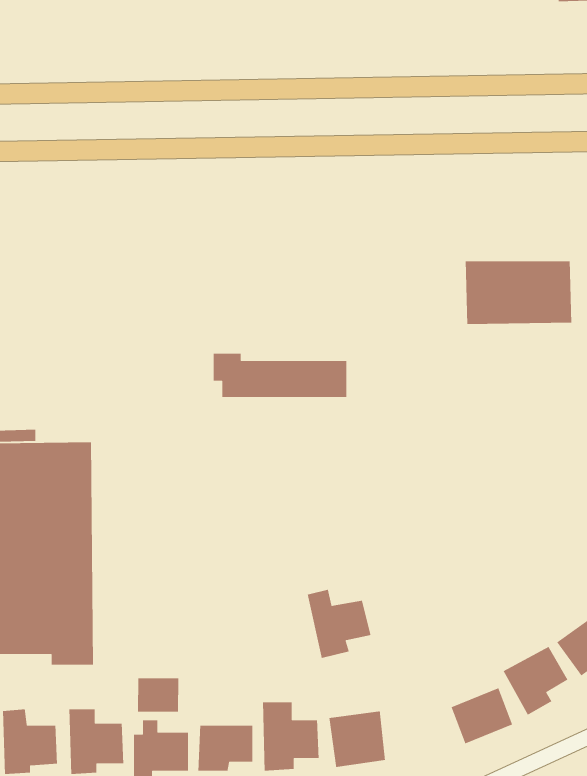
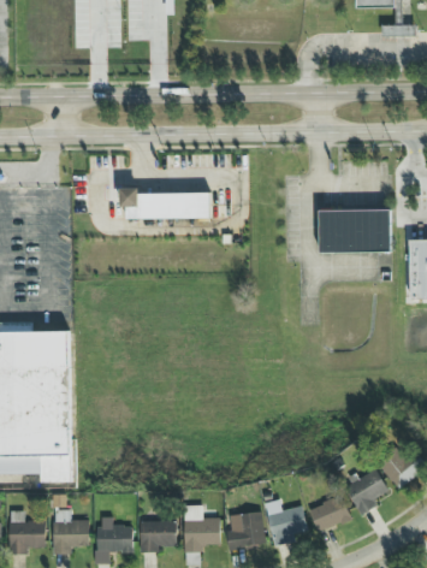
building: [213,353,347,398] -> [120,188,210,218]
building: [307,589,371,659] -> [265,499,308,546]
building: [137,677,179,712] -> none

